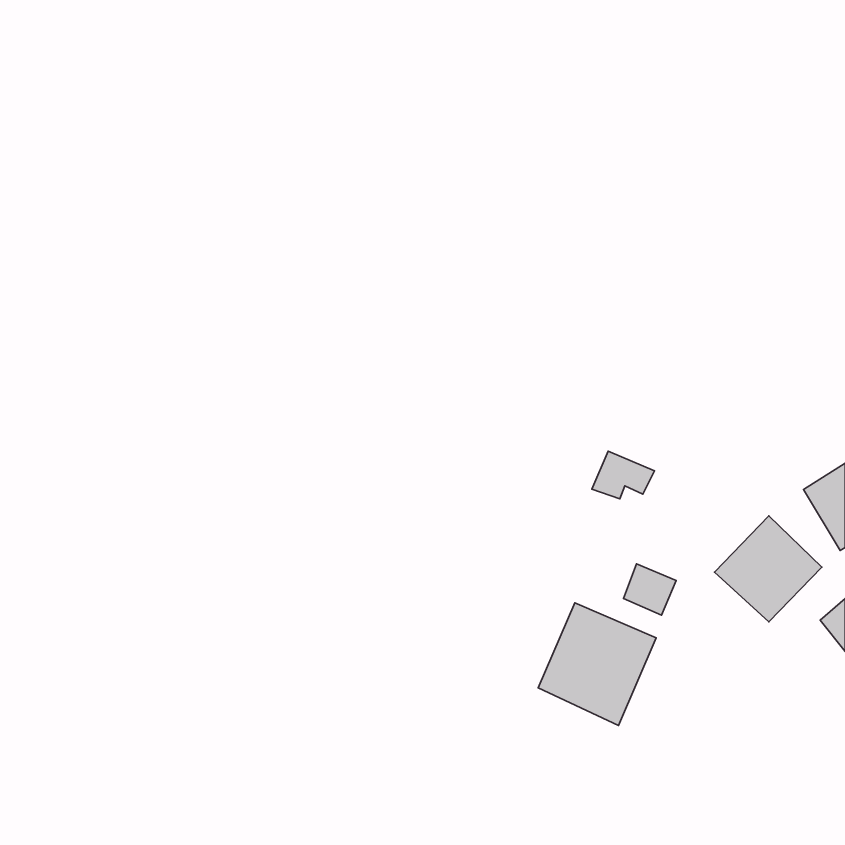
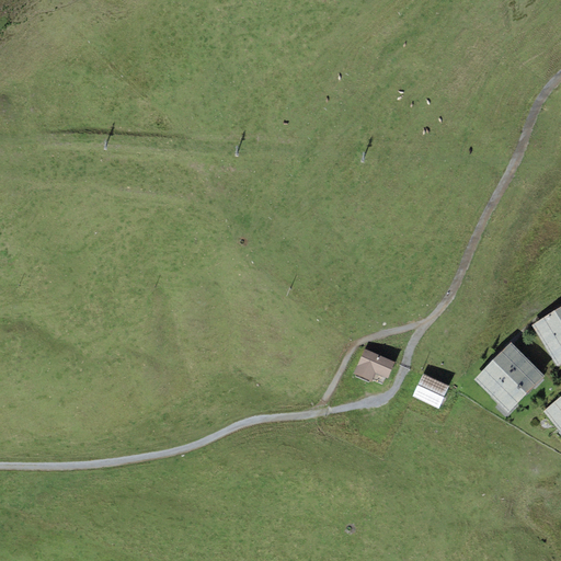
building: [592,451,655,499] -> [354,348,396,380]
building: [538,603,656,725] -> none

